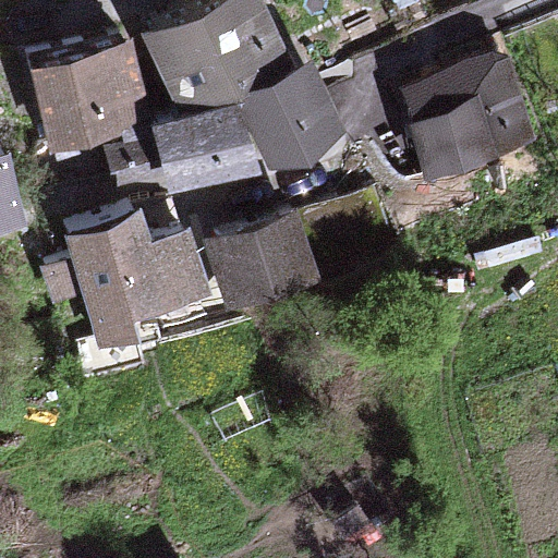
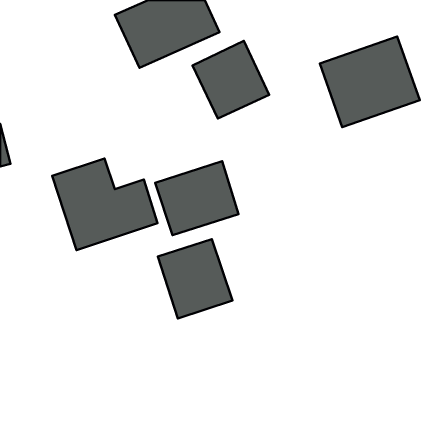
building: [21,46,147,146] -> none
building: [143,110,248,190] -> none
building: none -> [158,239,232,318]

